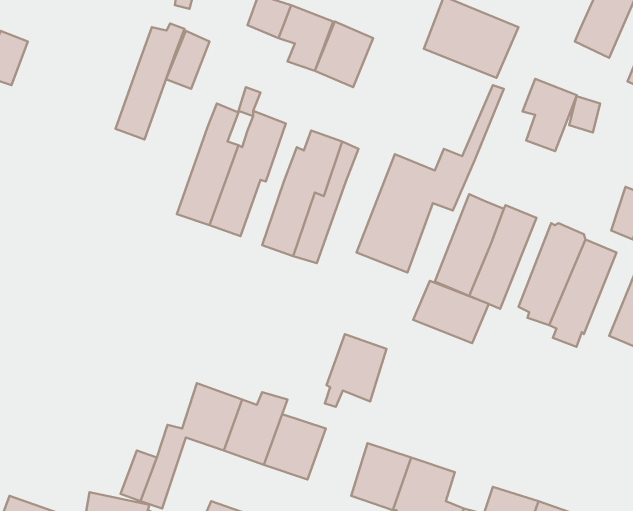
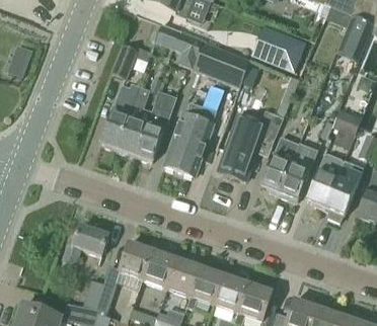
building: [116,23,185,140] -> [99,83,138,148]
building: none -> [214,50,251,88]
building: [522,79,577,151] -> [331,107,362,148]
building: [413,281,489,343] -> none
building: [325,334,387,407] -> [187,267,222,308]
building: none -> [62,225,106,263]

